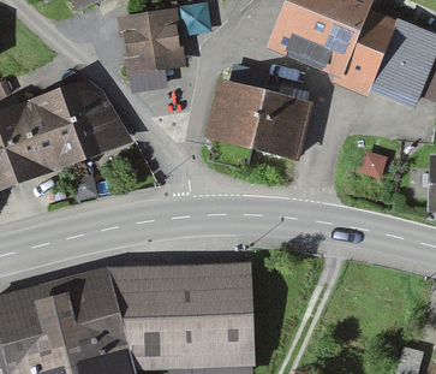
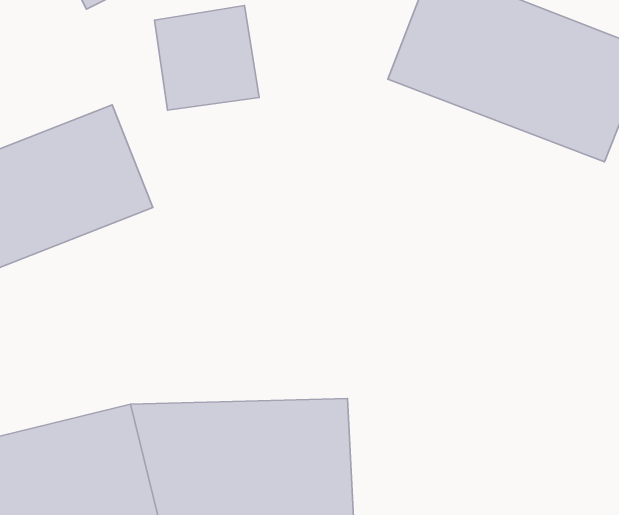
building: [207,79,315,160] -> none

